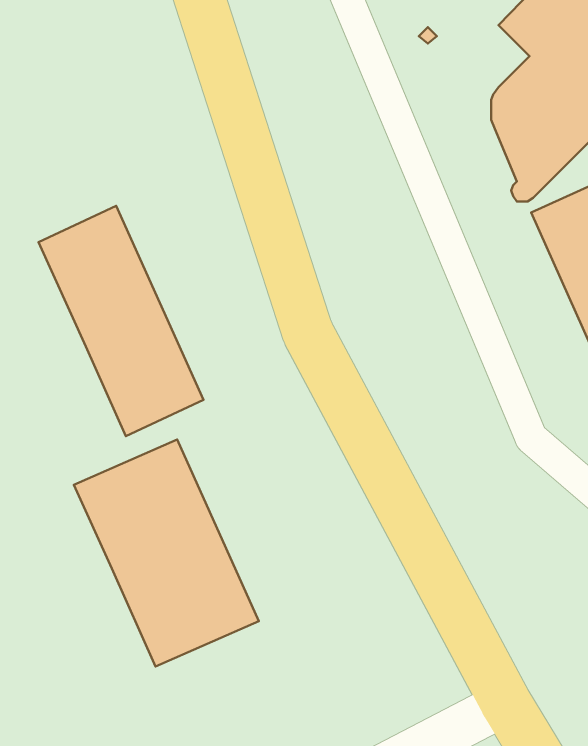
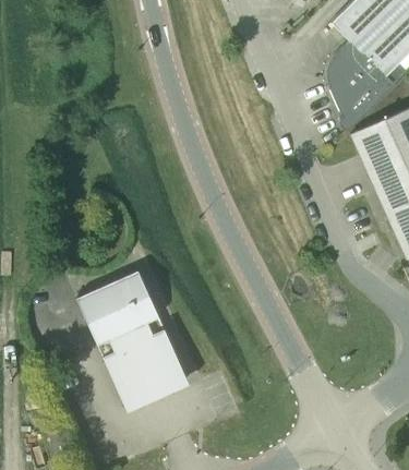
building: [39,206,203,436] -> none

